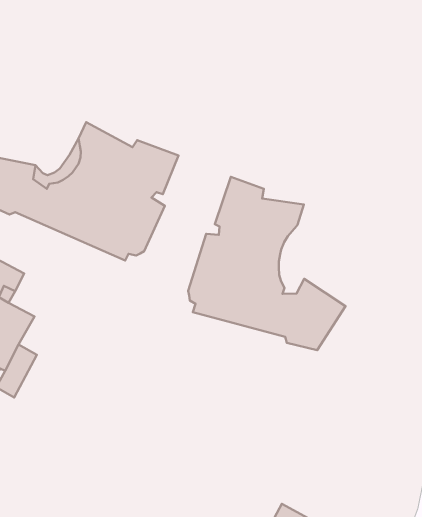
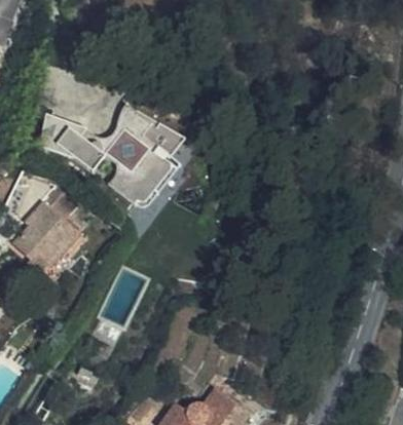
building: [188,177,345,350] -> none

